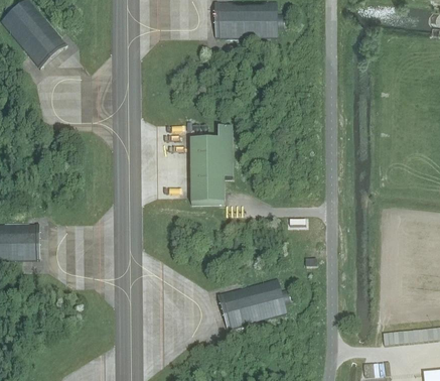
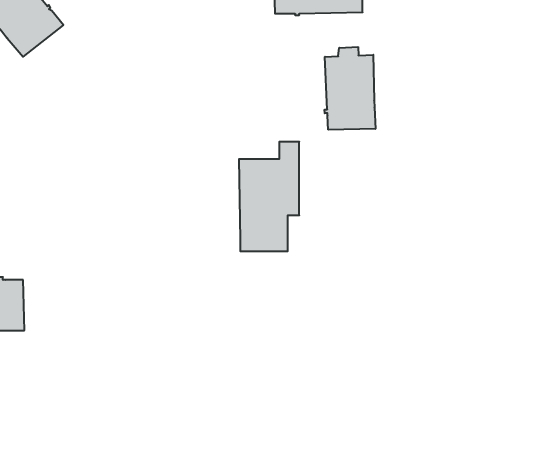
building: none -> [325,47,375,130]
building: [217,278,291,329] -> none

